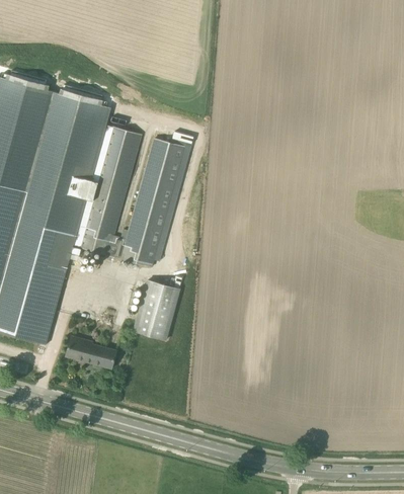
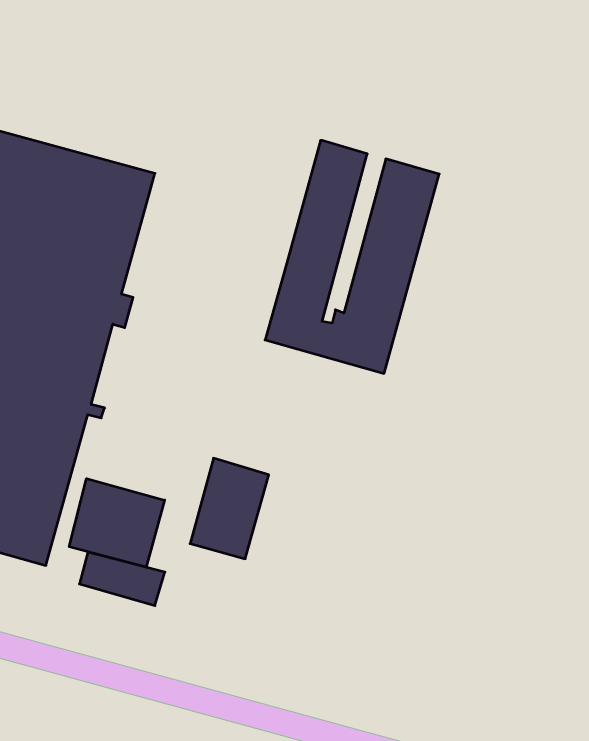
building: [81,127,186,267] -> [265,141,439,373]
building: none -> [69,479,165,567]

